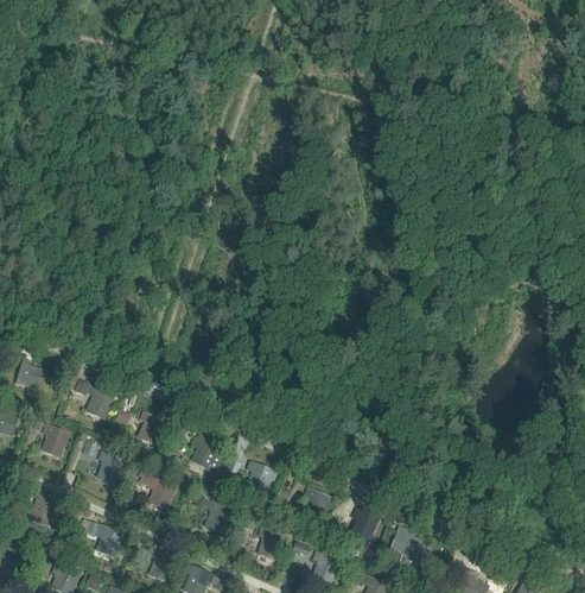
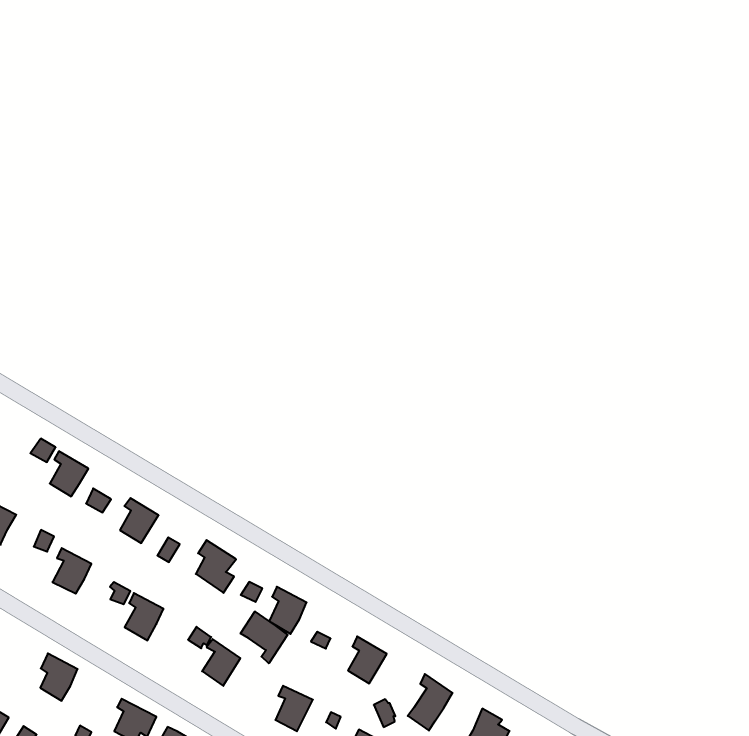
building: none -> [241,611,288,663]

